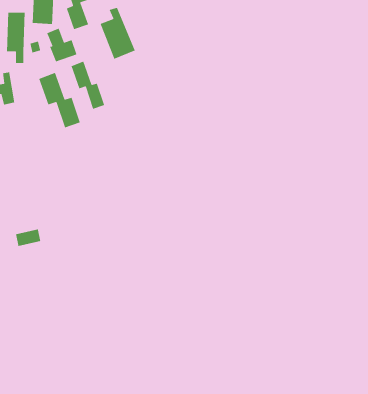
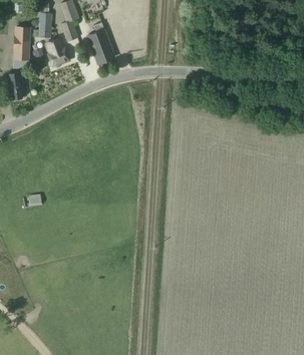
building: [70,61,105,110] -> none
building: [38,72,81,129] -> none

